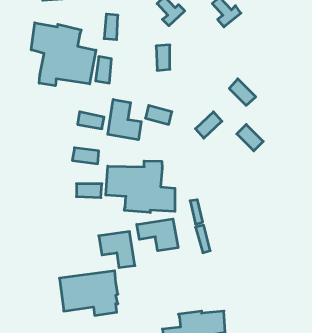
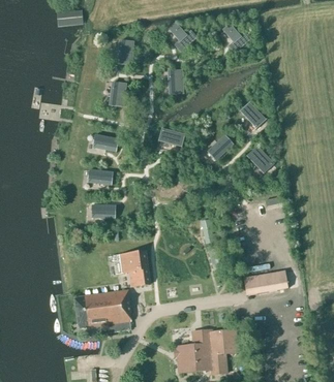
building: [31,23,96,86] -> none
building: [108,99,141,140] -> none
building: [106,161,175,213] -> none
building: [137,219,178,251] -> none
building: none -> [243,270,287,295]

